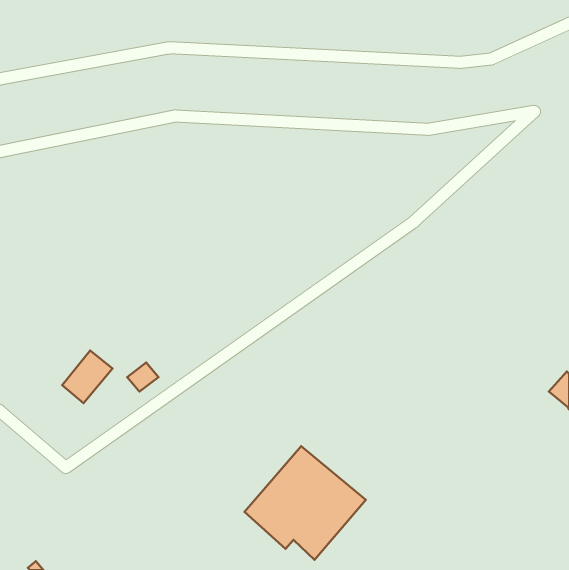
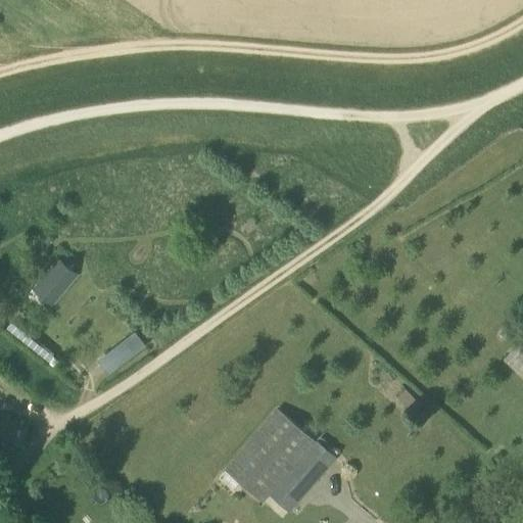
building: [62,351,112,403] -> [32,258,78,306]

